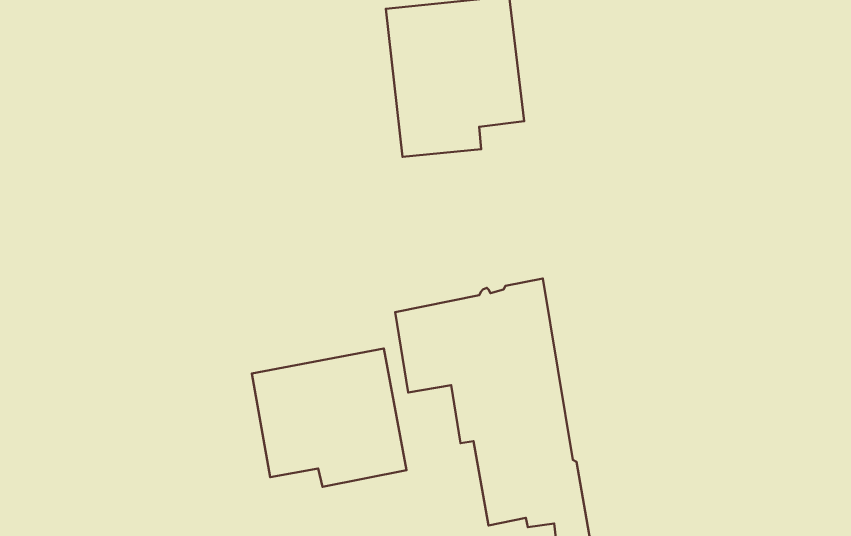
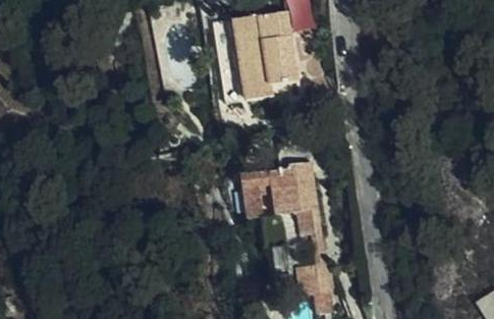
building: [252,348,406,487] -> none

